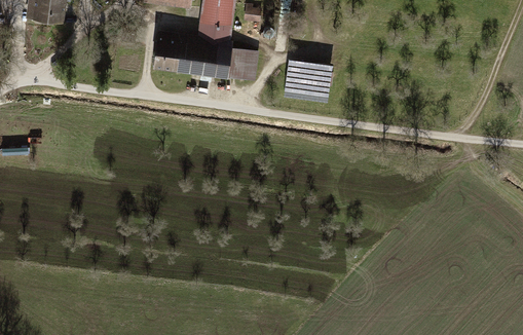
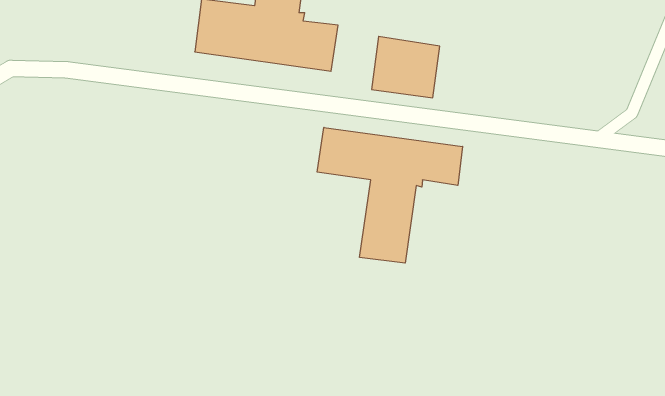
building: none -> [317,127,463,263]

